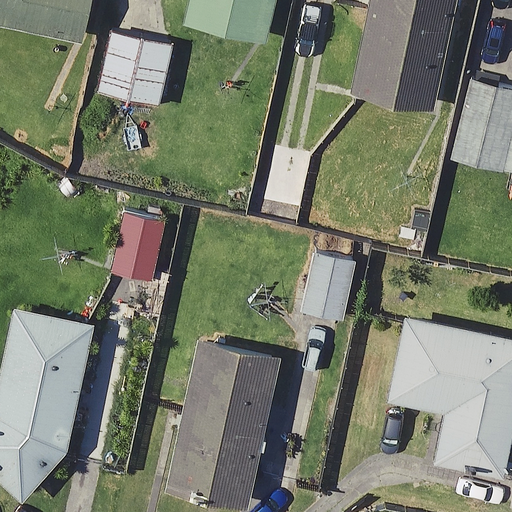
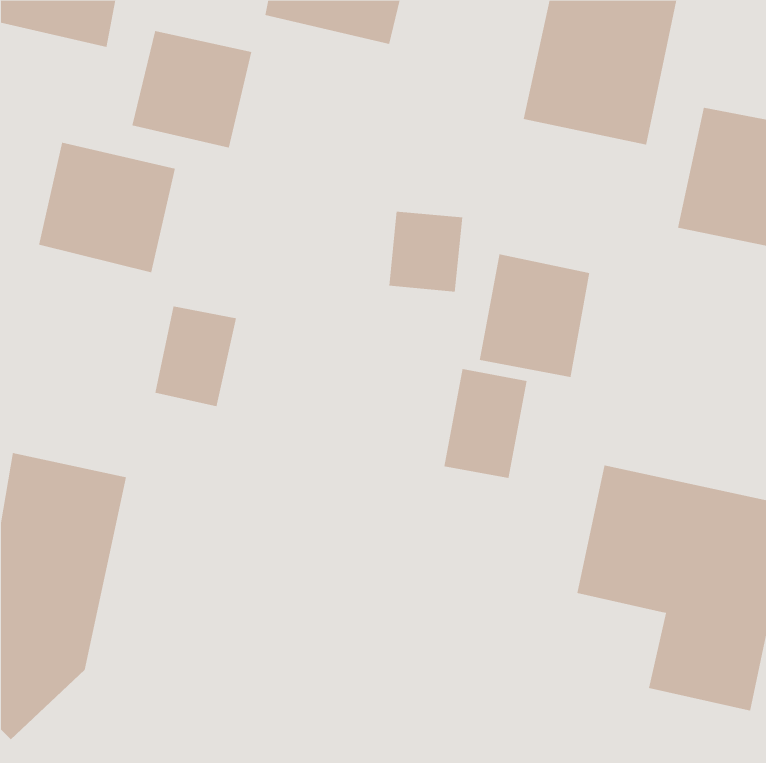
building: none -> [39,142,176,273]
building: none -> [479,254,590,378]
building: [167,340,278,506] -> none

